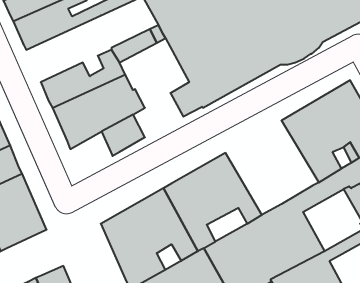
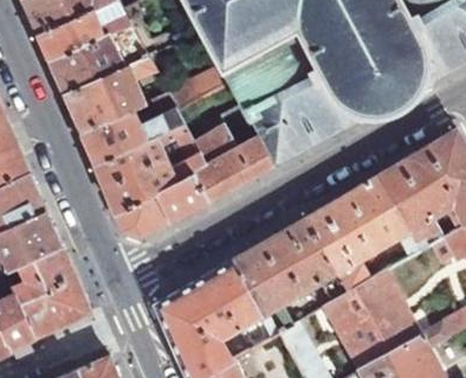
building: none -> [63,53,157,134]
building: none -> [192,126,252,200]
building: none -> [303,180,415,294]
building: none -> [116,193,167,237]

